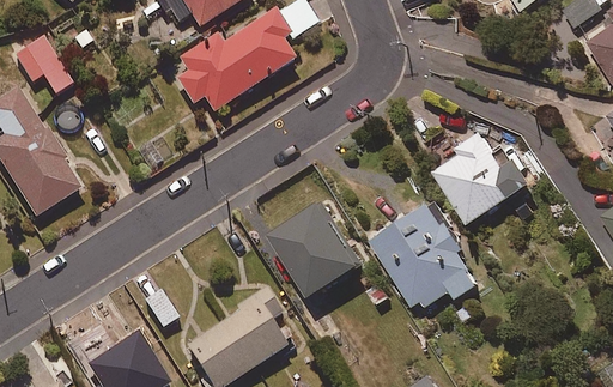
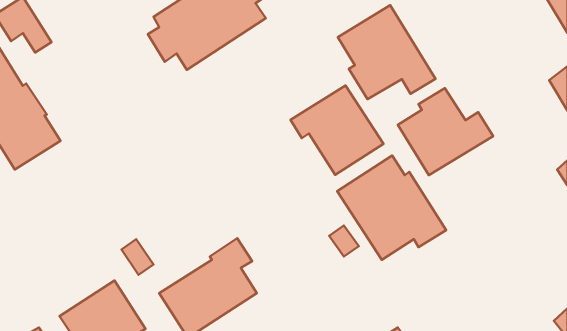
building: none -> [338,5,436,99]
building: [263,202,360,296] -> [290,85,383,175]

